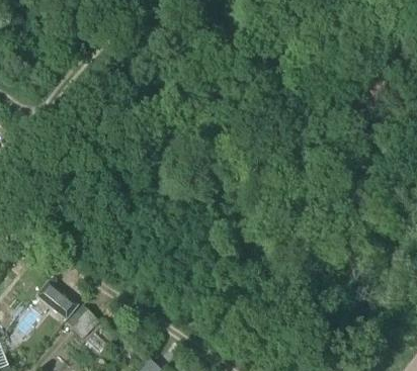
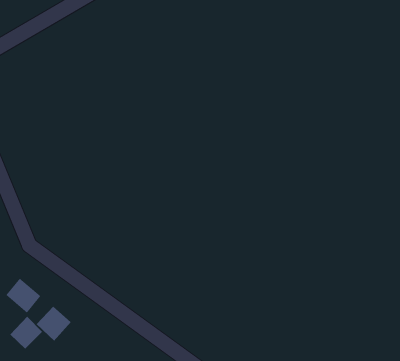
building: none -> [9,316,43,349]

